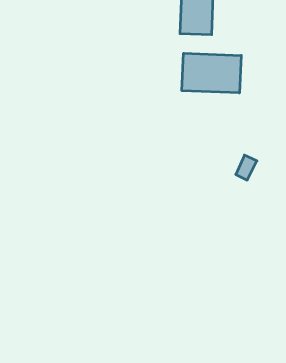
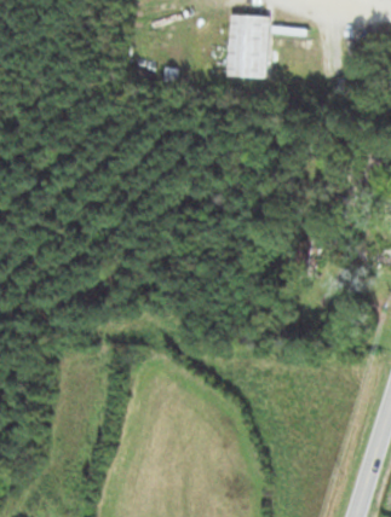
building: [182,53,241,93] -> none

